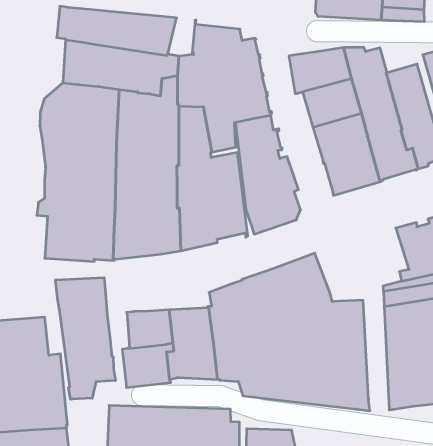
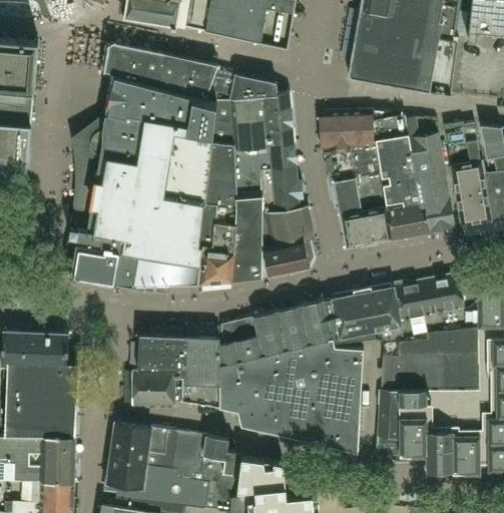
building: none -> [324,286,410,343]
building: [56,278,115,399] -> none

